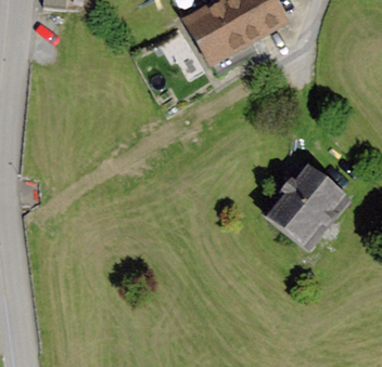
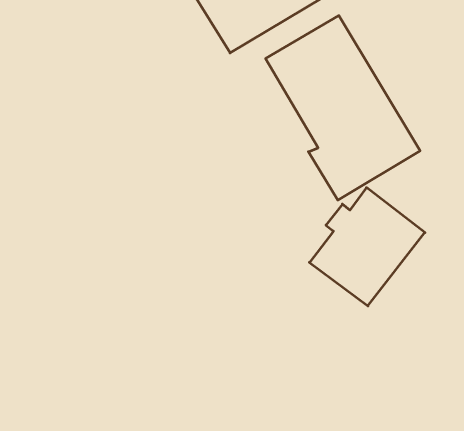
building: none -> [266,16,420,200]

